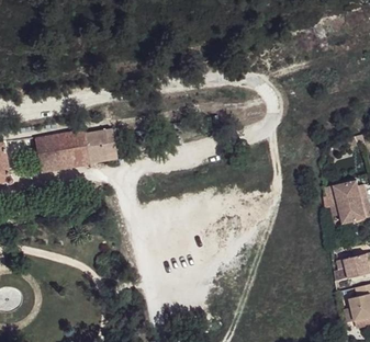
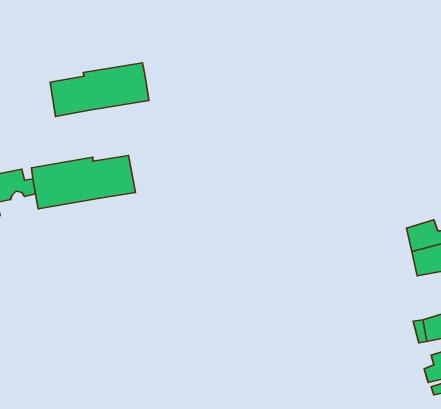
building: none -> [50,63,149,116]

